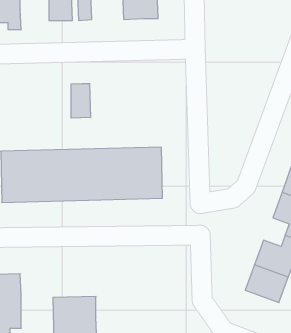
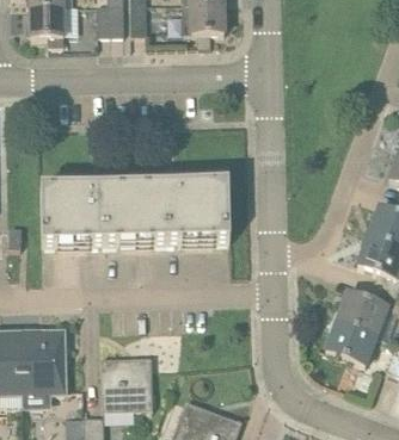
building: [71,83,90,118] -> none

